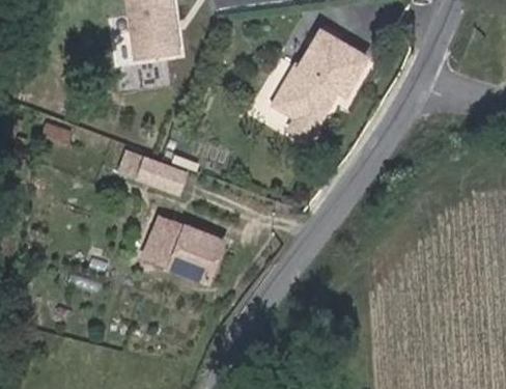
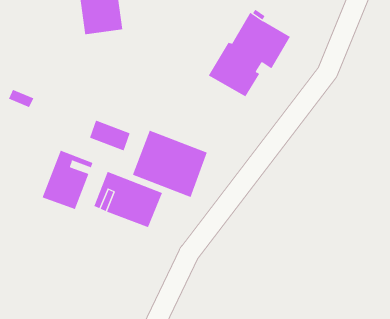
building: none -> [132,130,208,198]
building: none -> [42,150,93,210]

